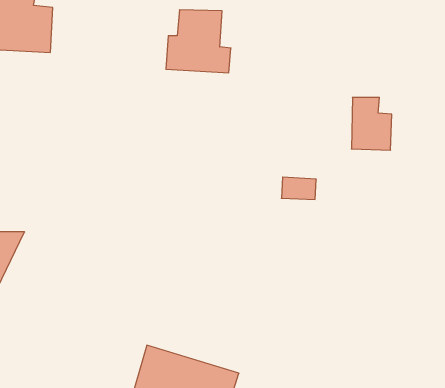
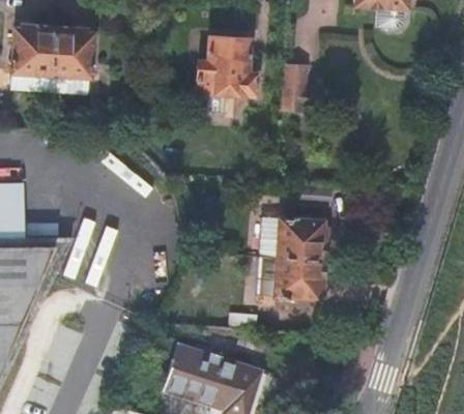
building: [351,97,392,150] -> [284,72,321,121]
building: none -> [273,218,324,298]

